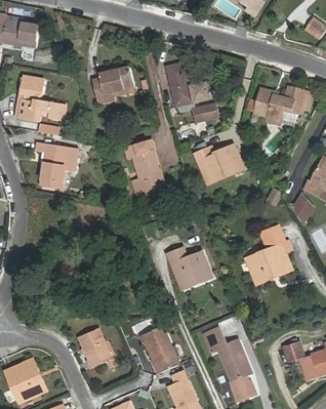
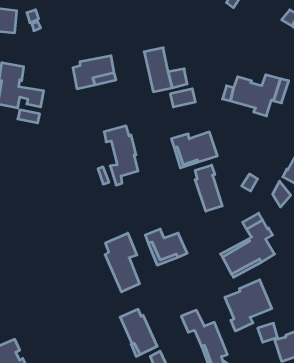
building: [32,141,73,189] -> none
building: none -> [195,165,222,211]
building: none -> [105,233,139,292]
building: none -> [225,280,272,331]
building: [81,329,113,367] -> none

